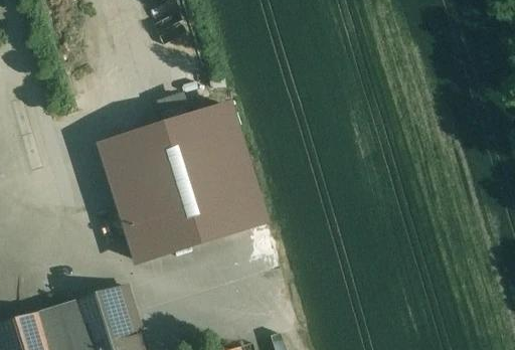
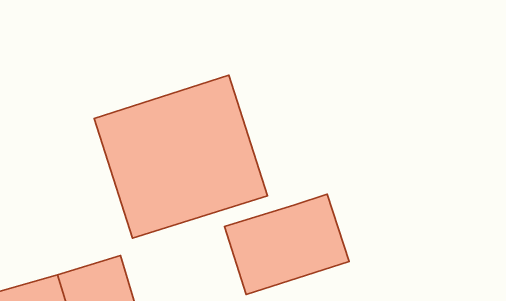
building: none -> [225,194,349,294]

